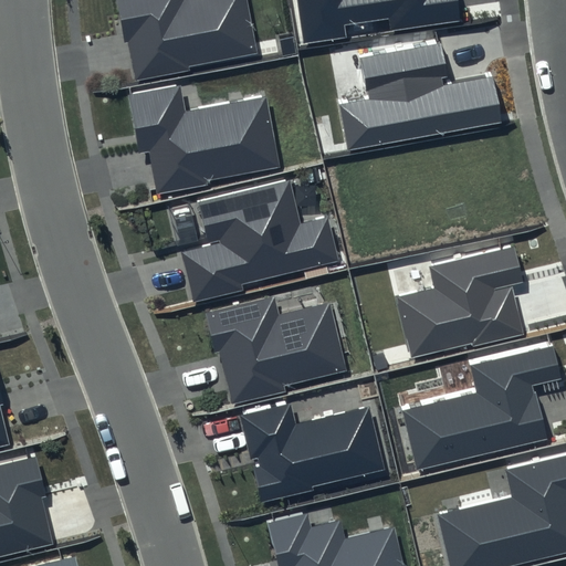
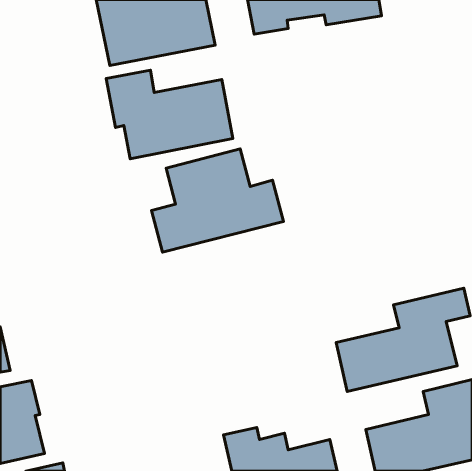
building: [336,43,503,151] -> none
building: [397,244,524,358] -> none
building: [205,294,347,402] -> none
building: [240,403,385,501] -> none

